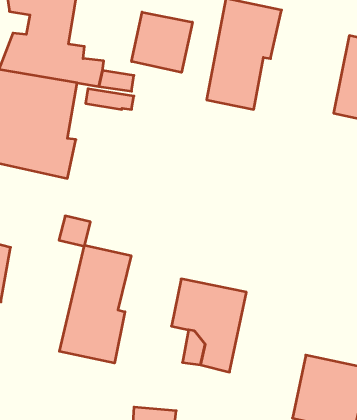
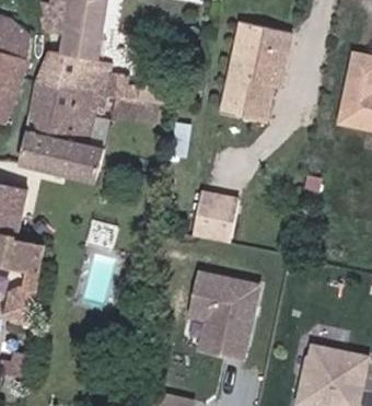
building: [132,12,192,72] -> none
building: none -> [195,190,242,241]
building: [59,245,131,363] -> none

